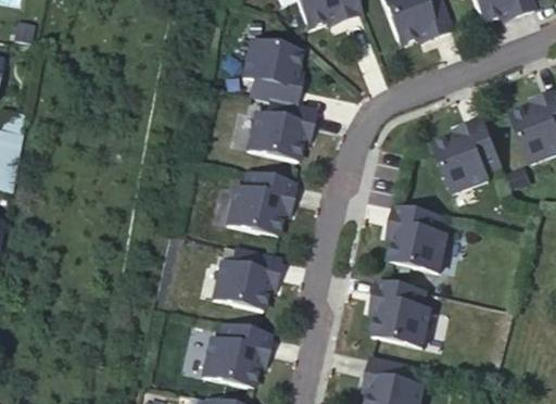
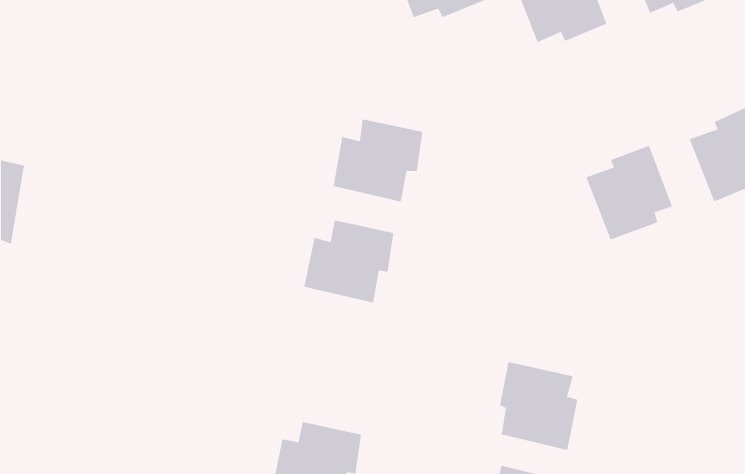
building: [243,39,301,104] -> none
building: [390,204,447,270] -> none
building: [212,248,279,310] -> none

